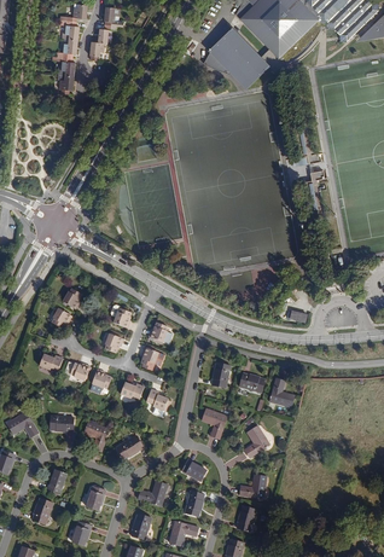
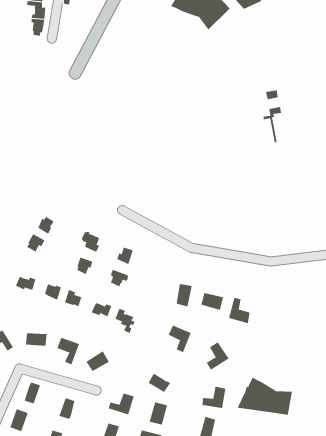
building: none -> [237,377,292,416]

